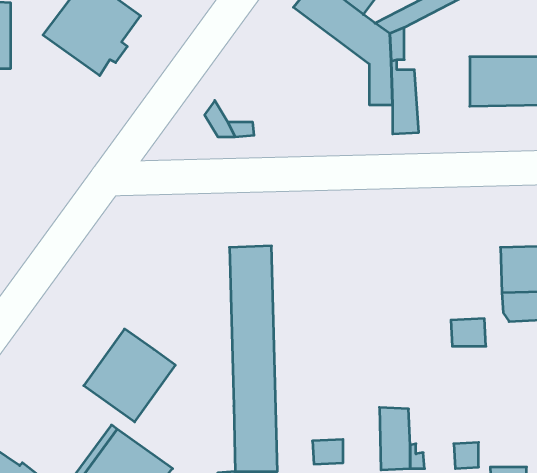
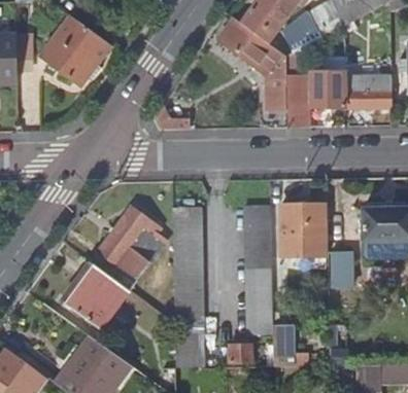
building: none -> [308,65,341,108]
building: none -> [281,200,325,256]
building: none -> [244,206,272,334]
building: none -> [91,207,159,280]

